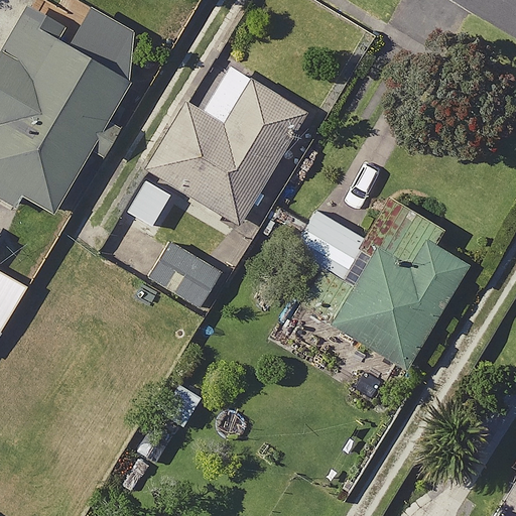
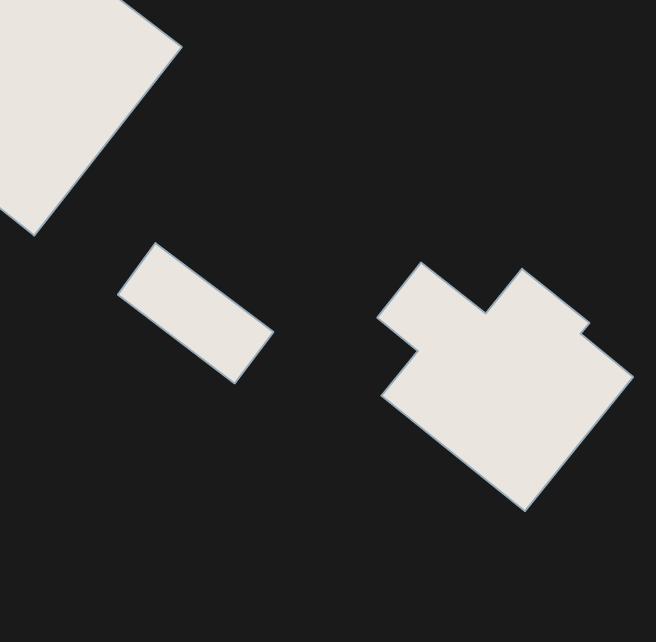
building: [148,64,316,229] -> none

